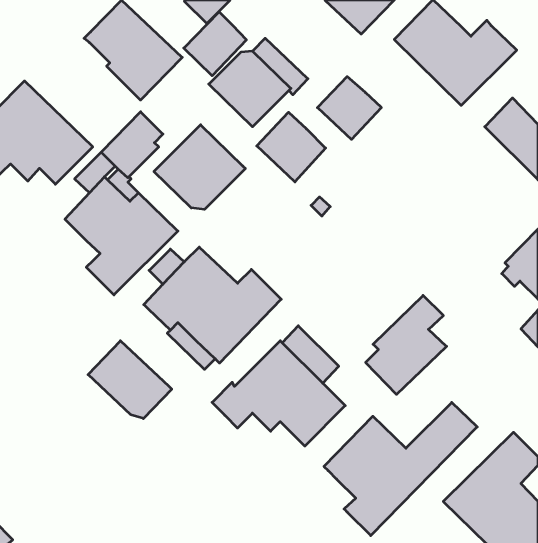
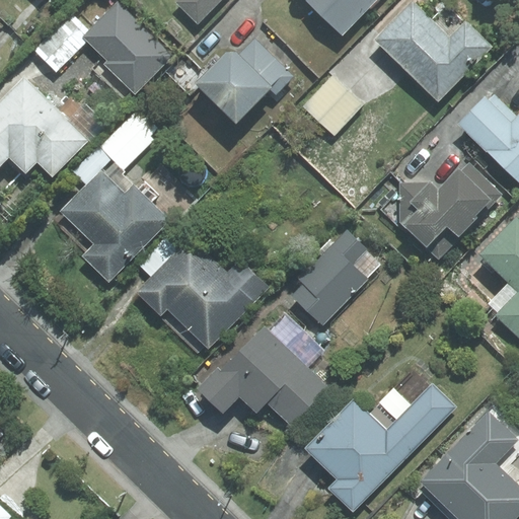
building: [184,12,246,76] -> none
building: none -> [34,16,86,72]
building: [257,112,326,182] -> none
building: [154,125,245,209] -> none
building: none -> [400,161,498,244]
building: [366,295,447,394] -> [293,230,370,324]
building: [88,341,172,419] -> none

